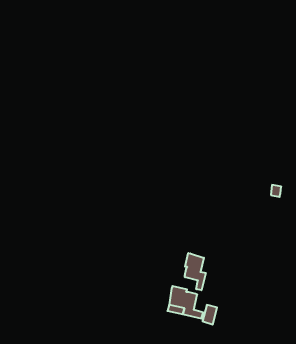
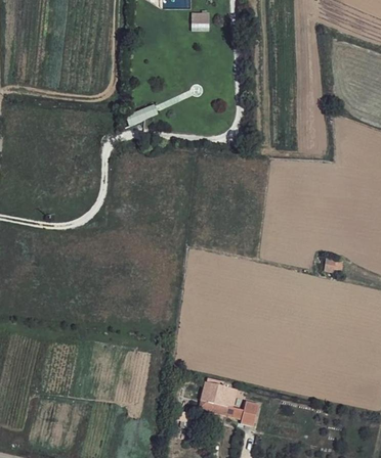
building: [185,253,206,290] -> none

